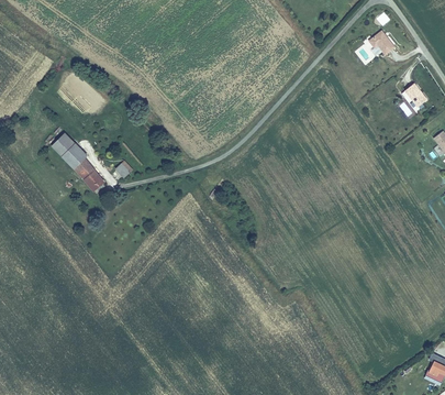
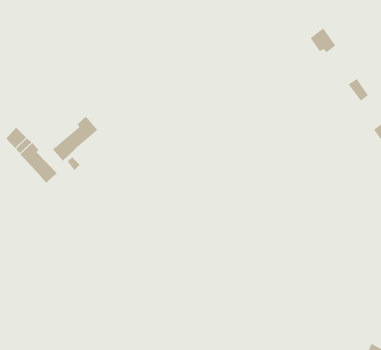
building: none -> [52,116,98,162]

